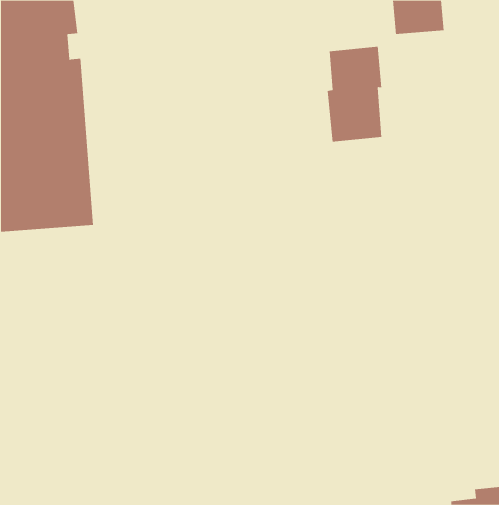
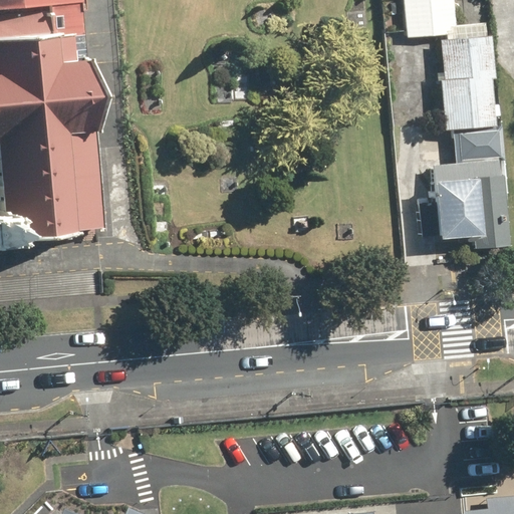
building: [327,46,382,142] -> [440,32,496,130]
building: none -> [432,158,508,247]

